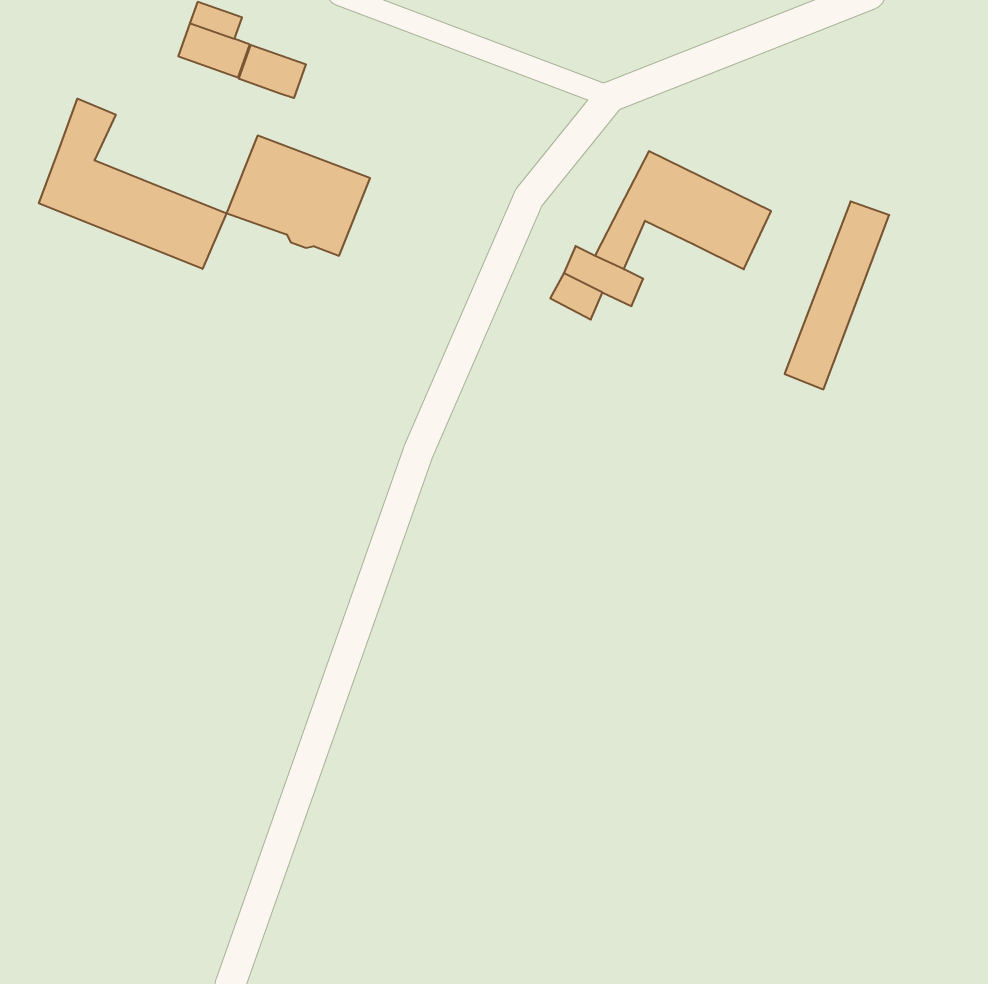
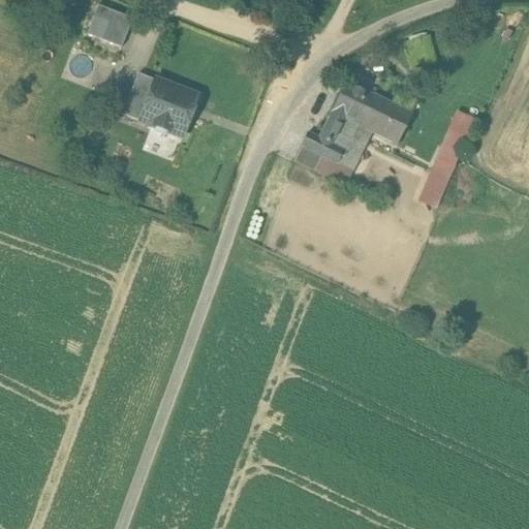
building: [239,45,306,98] -> none
building: [39,99,227,269] -> none
building: none -> [334,118,371,169]

